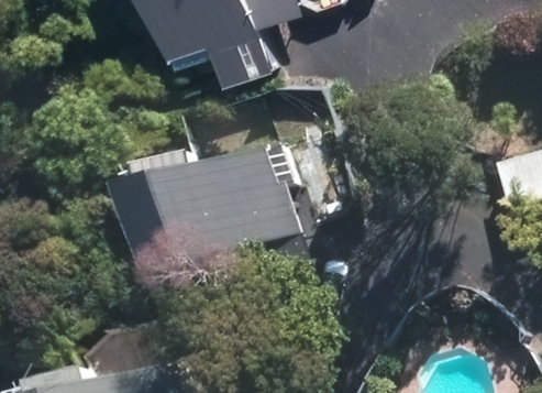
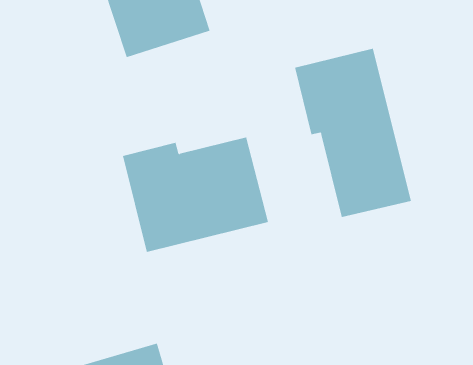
building: none -> [294,48,411,218]

